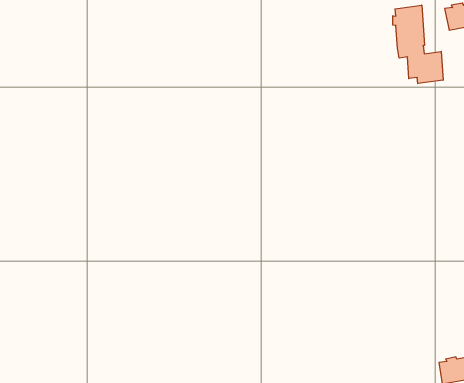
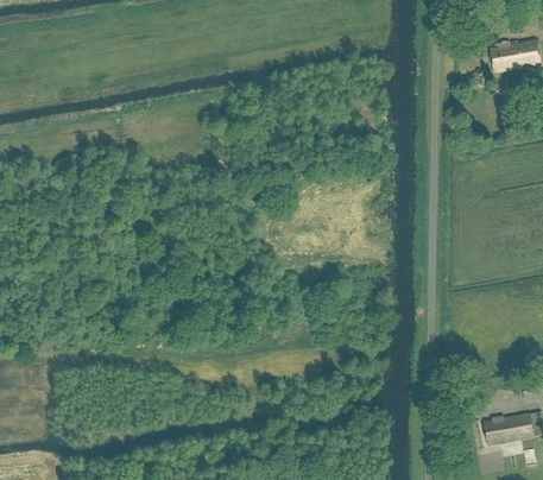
building: [393,5,443,84] -> none

